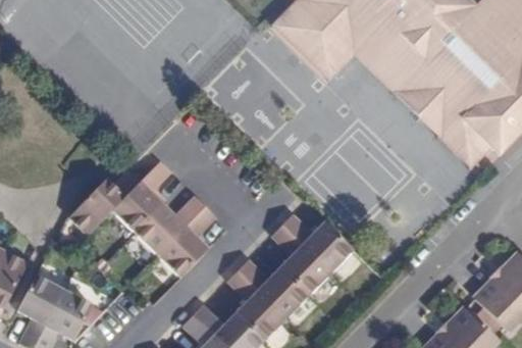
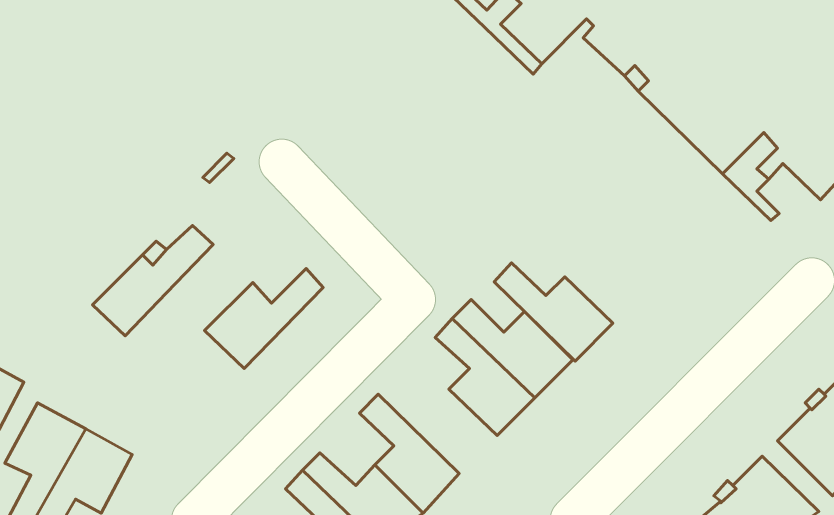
building: [113,160,171,231] -> none
building: [159,205,217,276] -> none
building: [239,257,309,315] -> [494,263,613,361]

